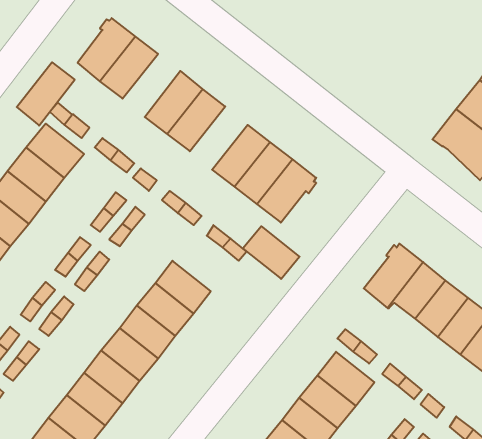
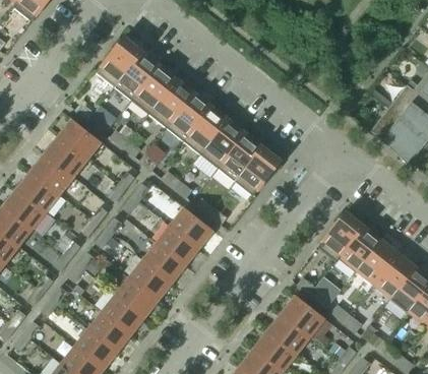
building: [17,62,75,126] -> [131,65,176,114]
building: none -> [183,106,228,154]
building: [243,226,300,279] -> [170,207,213,248]

